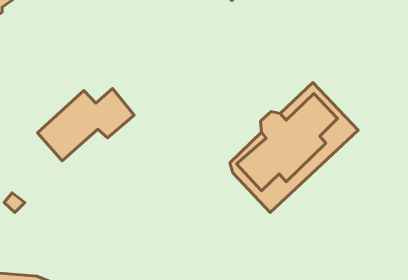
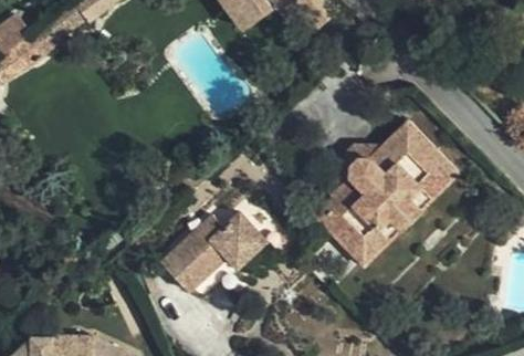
building: [37,88,134,161] -> [164,207,272,287]

